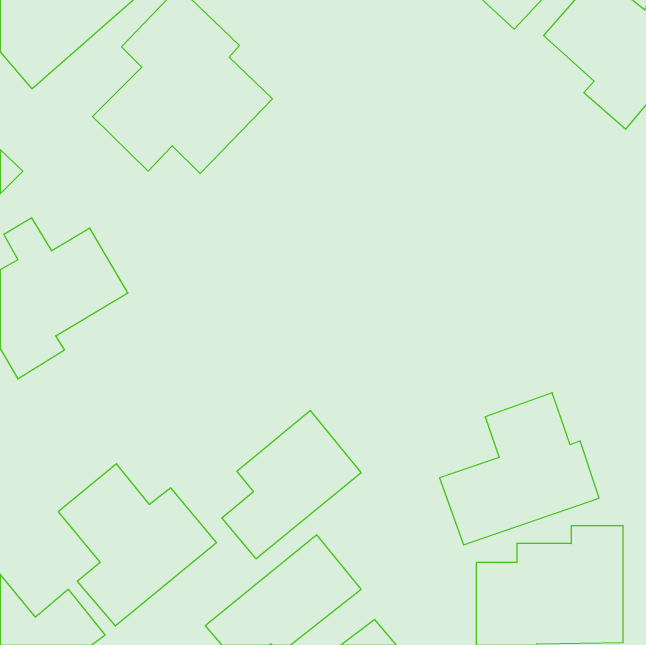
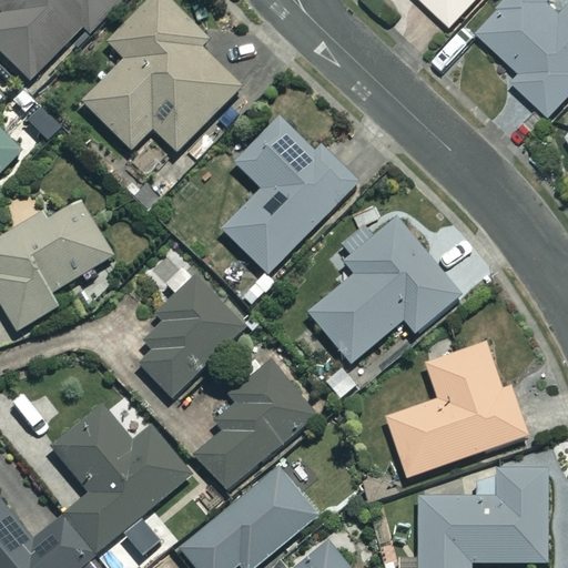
building: none -> [220,116,352,274]
building: none -> [308,214,459,363]
building: none -> [139,276,246,399]

